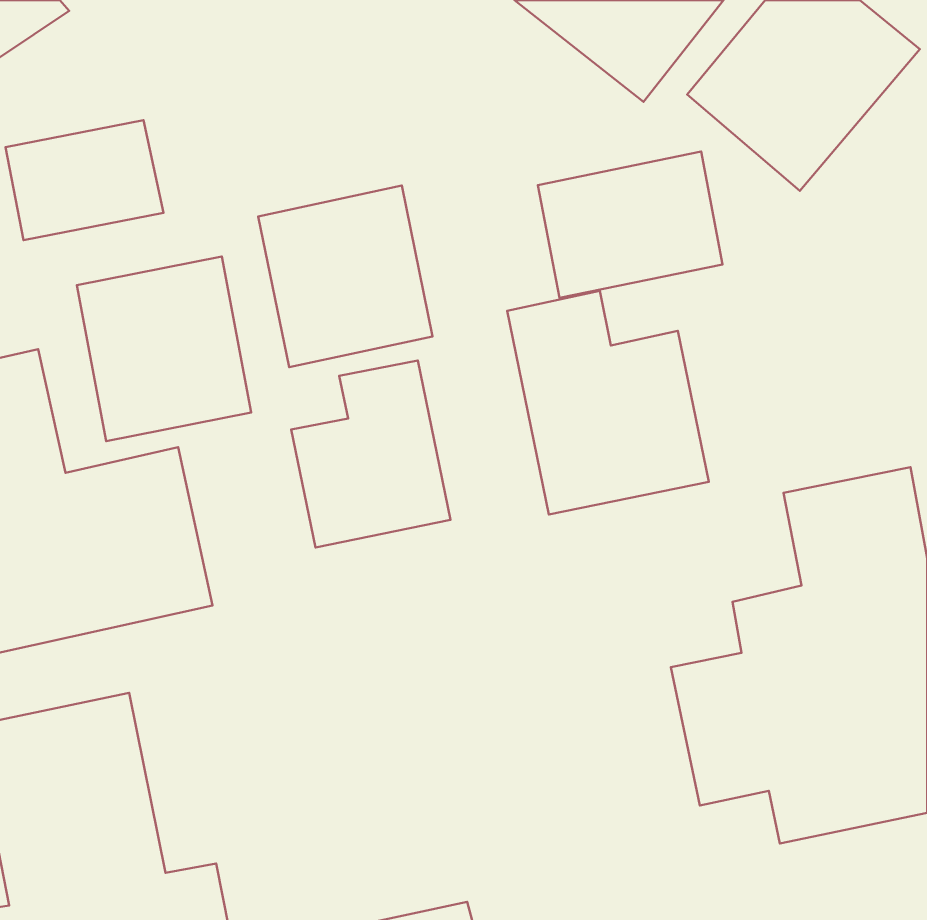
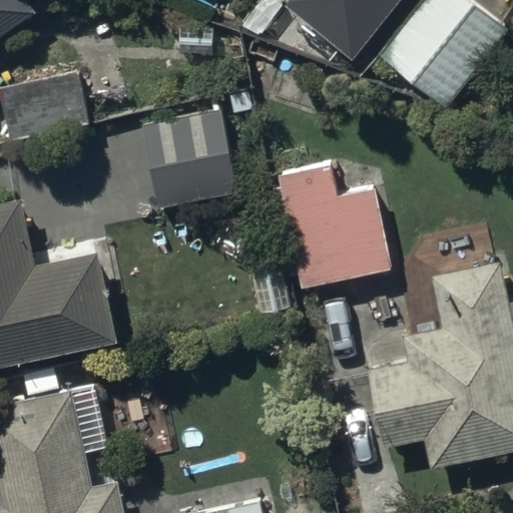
building: [538,152,723,298] -> none
building: [77,257,251,441] -> none
building: [291,361,450,548] -> none

